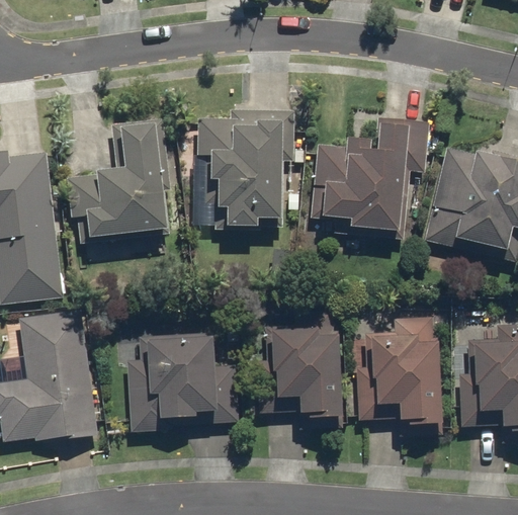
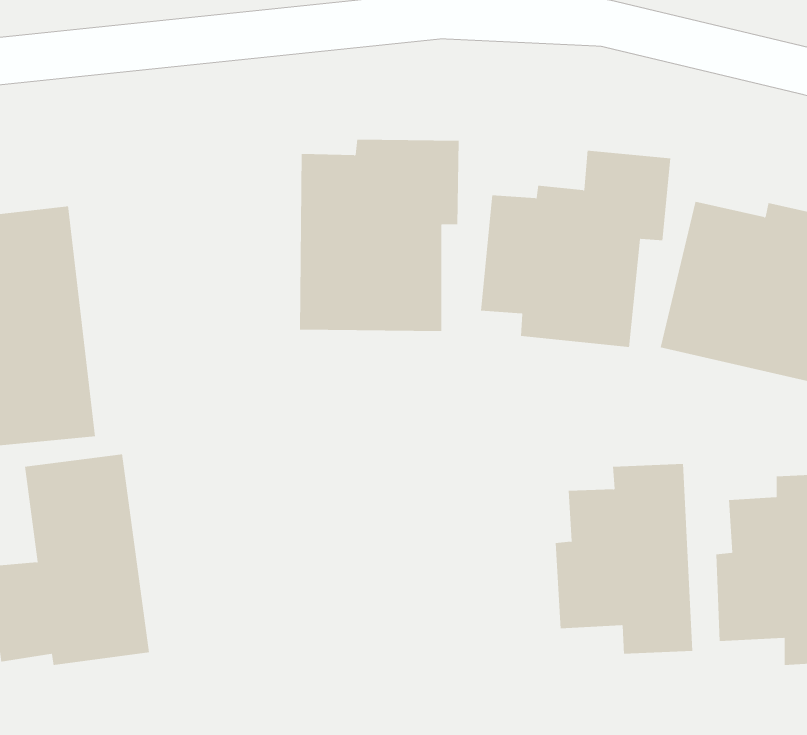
building: [66,117,170,242] -> none
building: [257,299,342,429] -> none
building: [125,331,240,431] -> none

